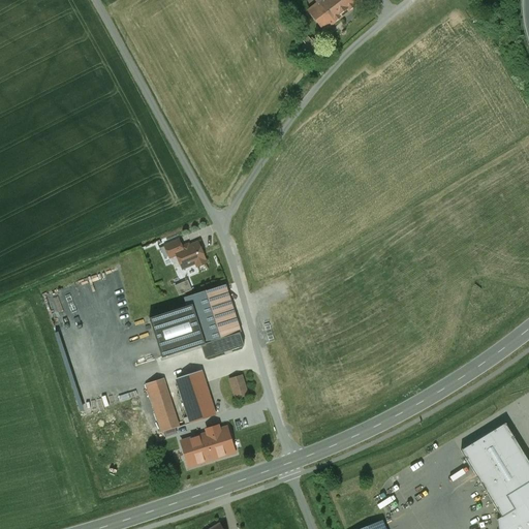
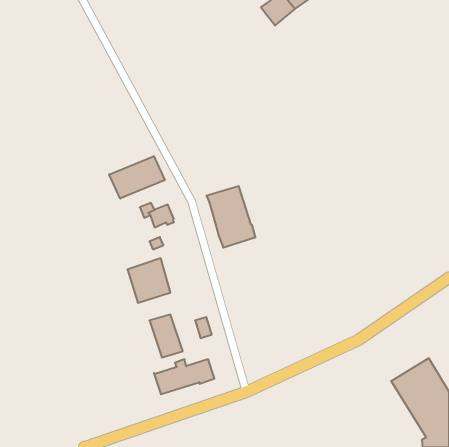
building: none -> [109,156,165,199]
building: [186,285,244,357] -> [206,186,256,248]
building: [146,377,178,430] -> none

